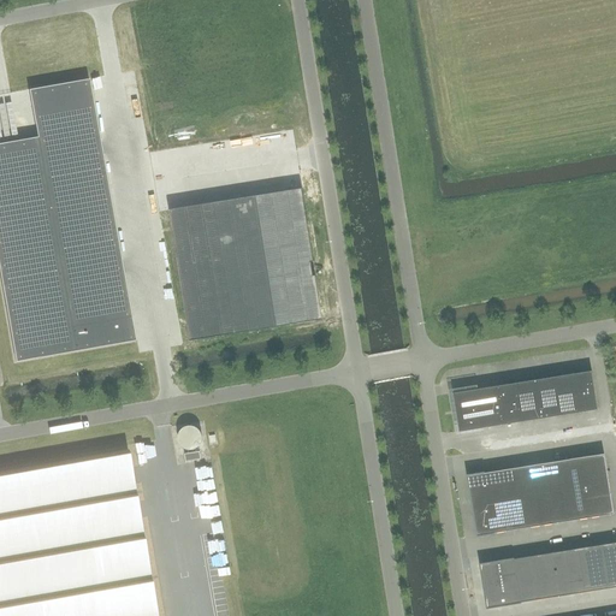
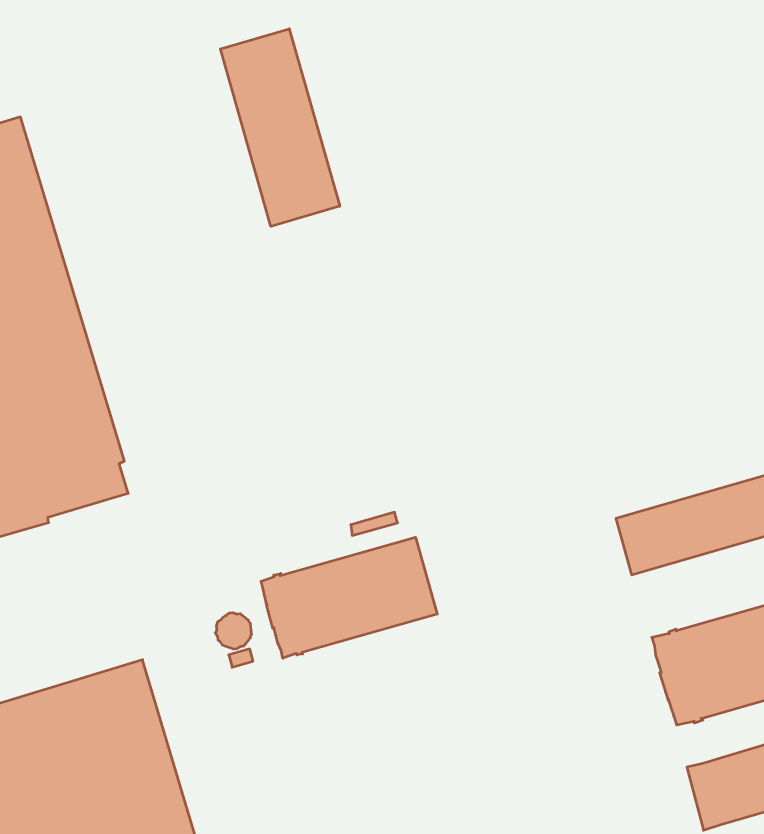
building: none -> [220,29,340,226]
building: [168,188,320,340] -> none
building: none -> [261,537,437,658]

